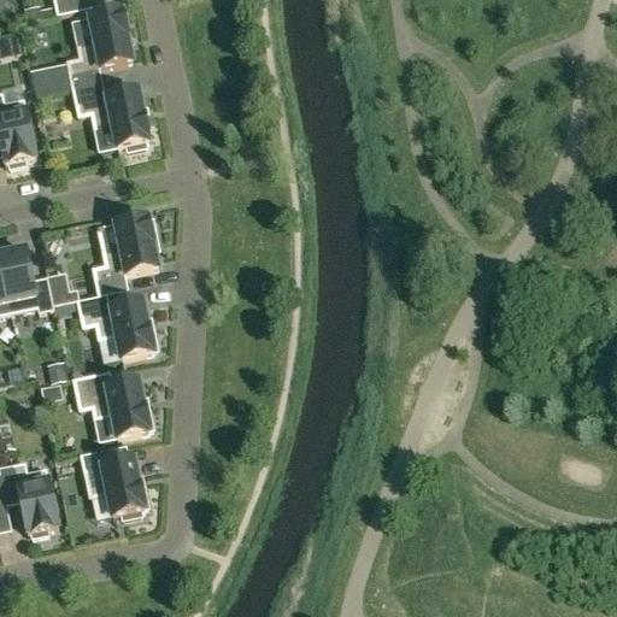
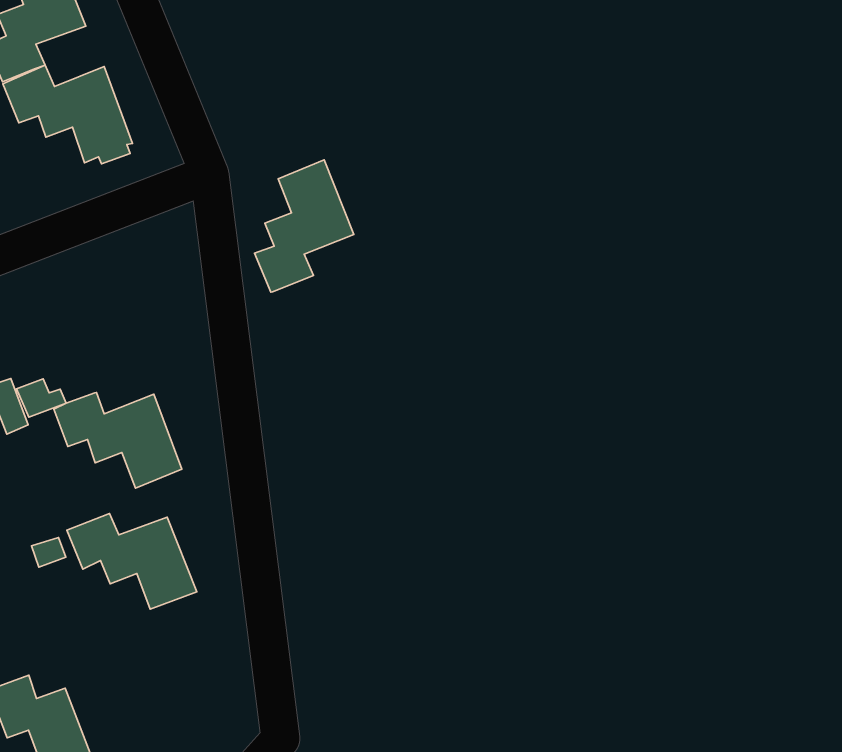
building: [93,215,158,293] -> [255,160,354,292]
building: [77,440,149,509] -> none

